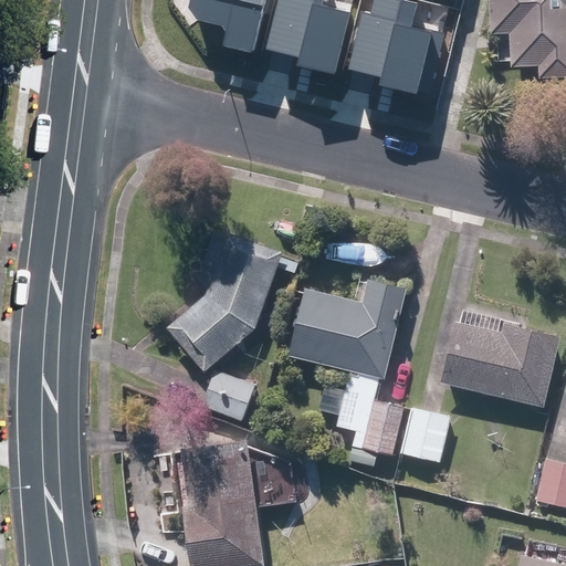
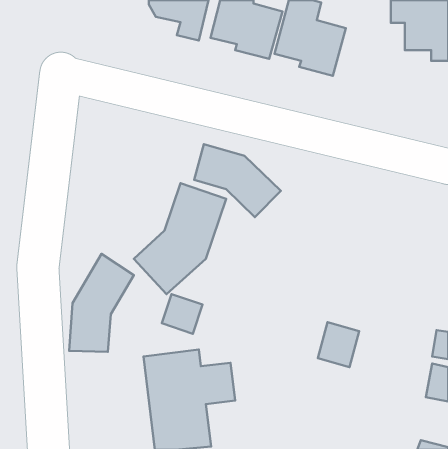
building: none -> [194,144,281,217]
building: [291,274,407,465] -> none
building: [443,319,558,406] -> none
building: none -> [69,254,134,352]

